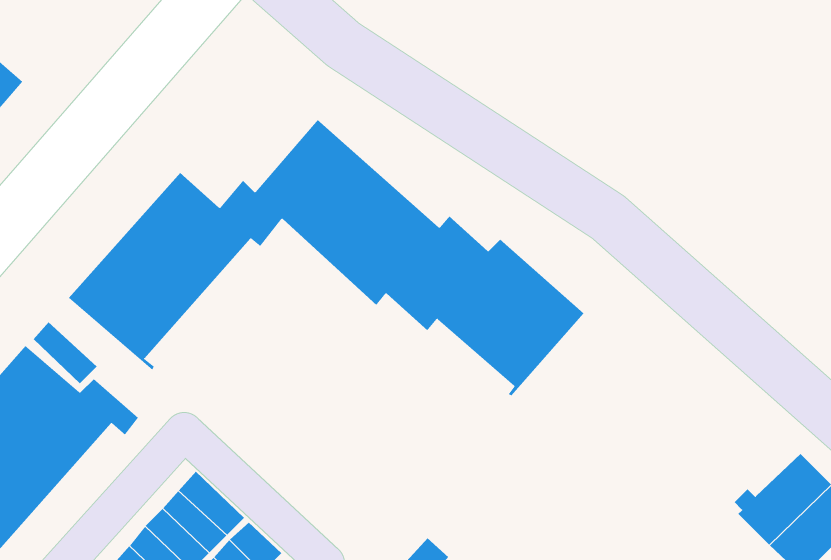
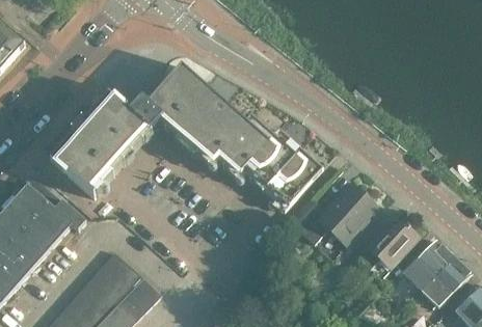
building: none -> [292,183,379,247]
building: none -> [358,222,419,279]

